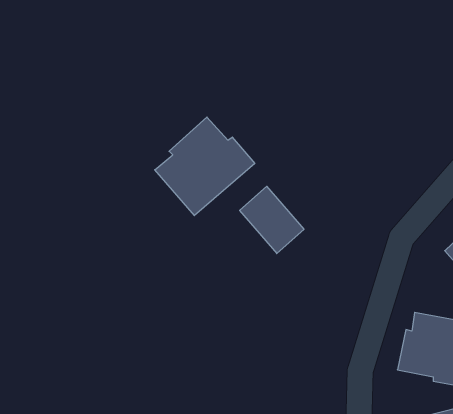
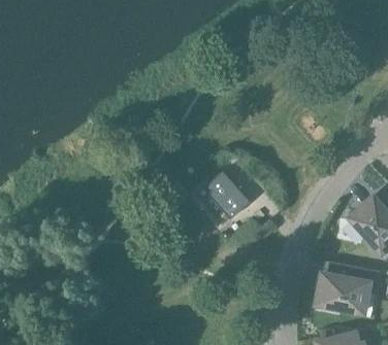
building: [155,117,255,216] -> none

